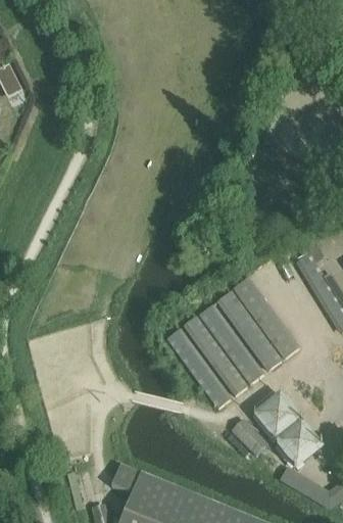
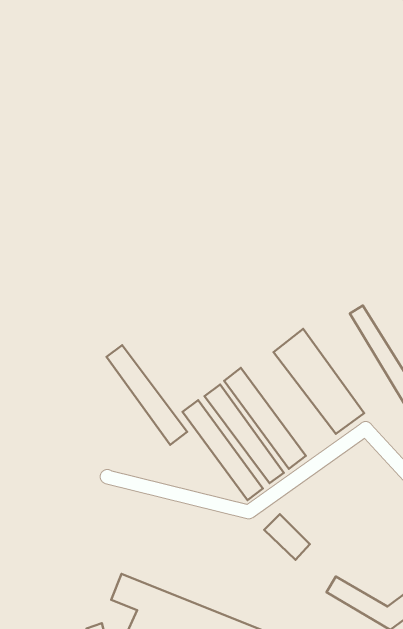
building: [217,290,281,369] -> [107,345,187,445]
building: [246,393,310,462] -> none

